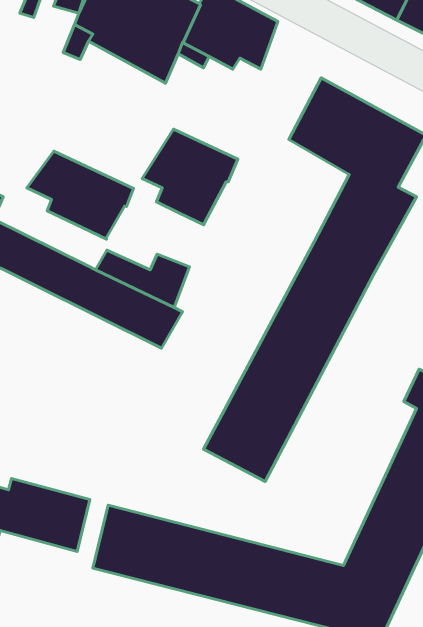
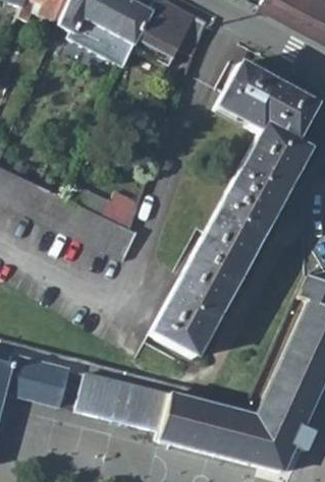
building: [142,129,238,225] -> none
building: [27,151,133,239] -> none

